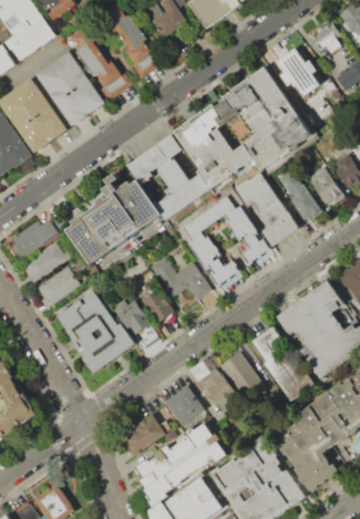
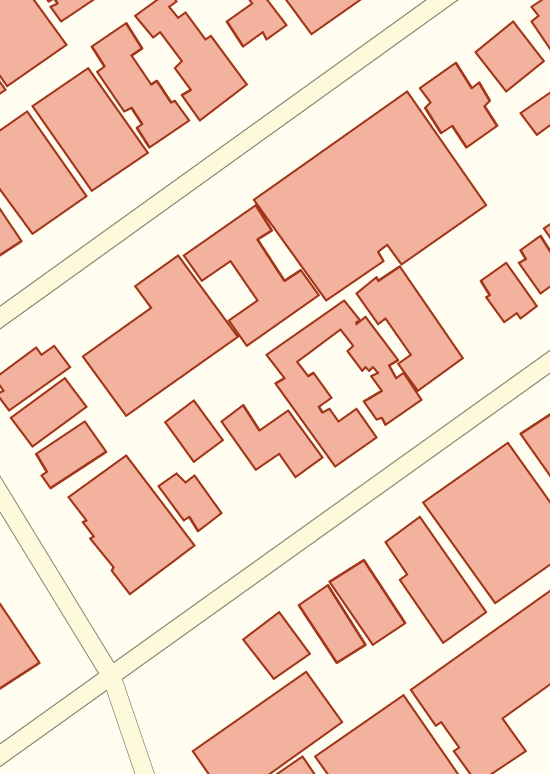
building: [276,165,322,224] -> none
building: [140,286,175,323] -> [165,400,223,462]
building: [119,412,167,457] -> none

